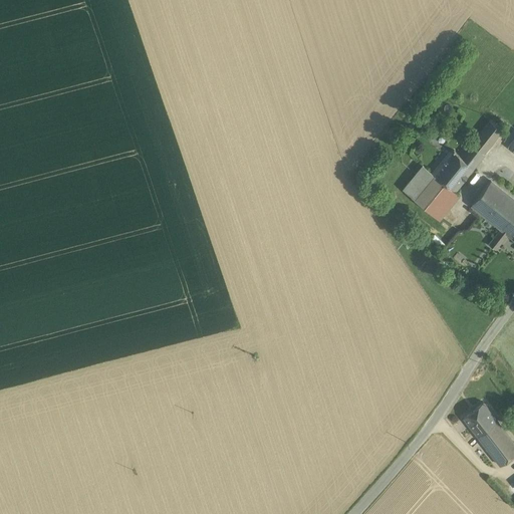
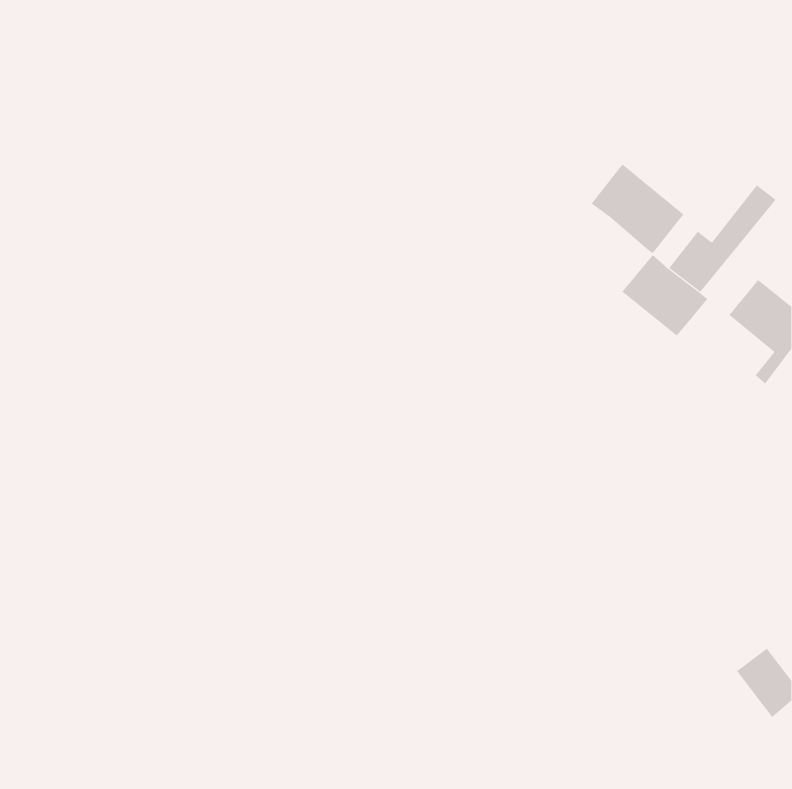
building: none -> [591,164,684,254]
building: [463,404,497,437] -> none

